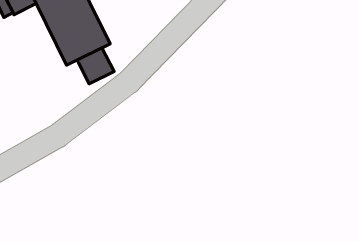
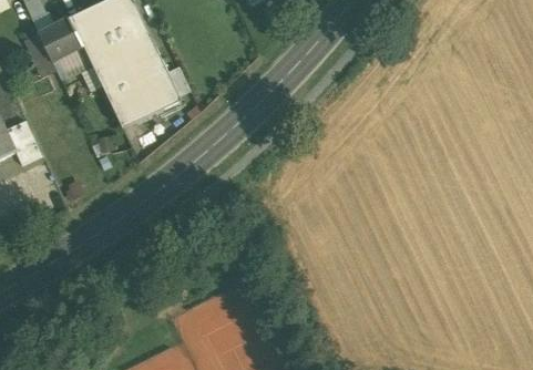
building: [77,48,114,84] -> none

